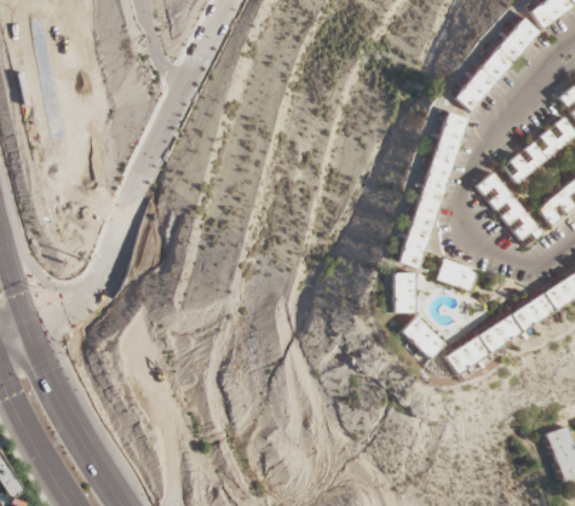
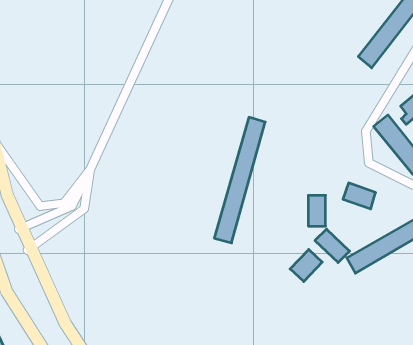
building: [401,111,465,270] -> [214,117,265,243]
building: none -> [290,249,322,282]

